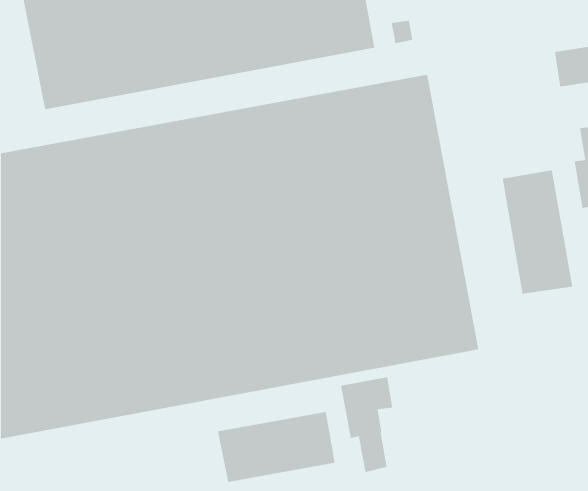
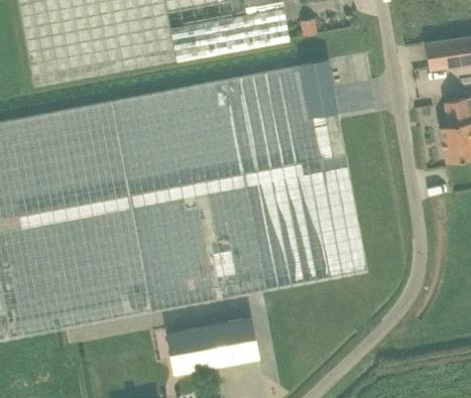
building: [502,169,573,295] -> none
building: [341,377,393,473] -> none

